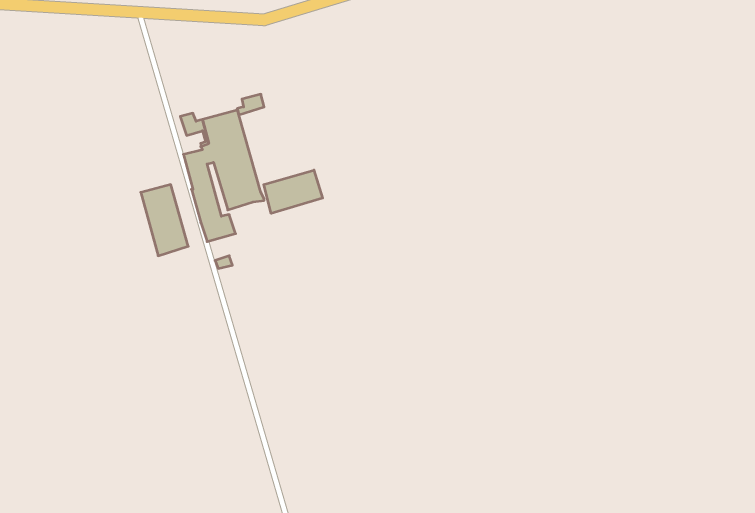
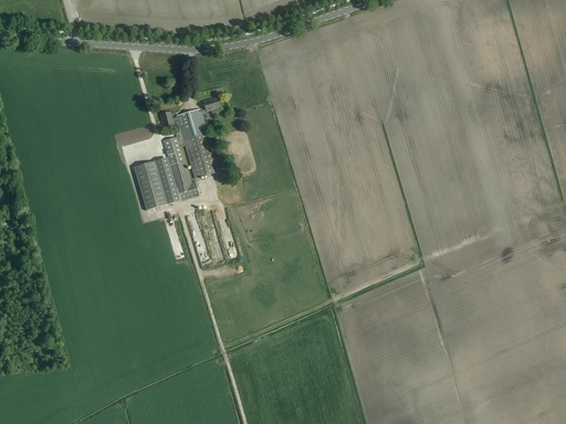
building: [264,170,323,213] -> none

